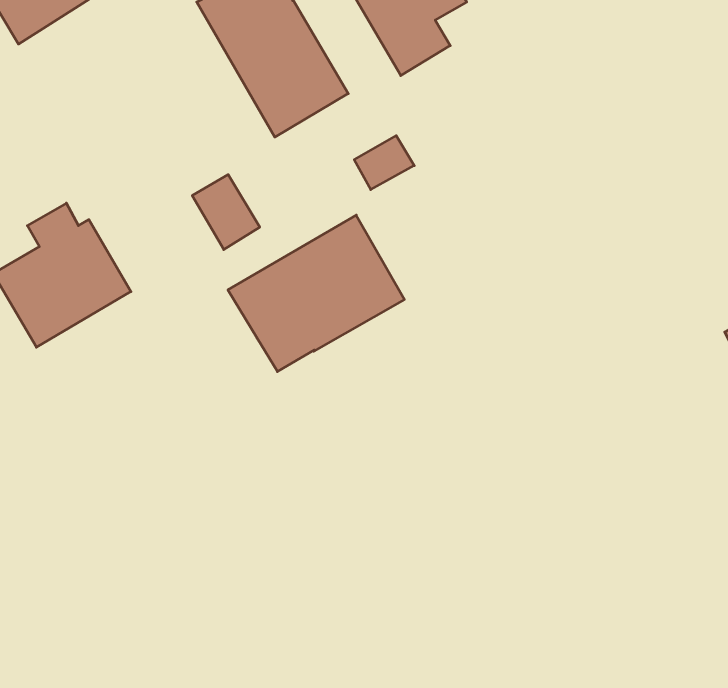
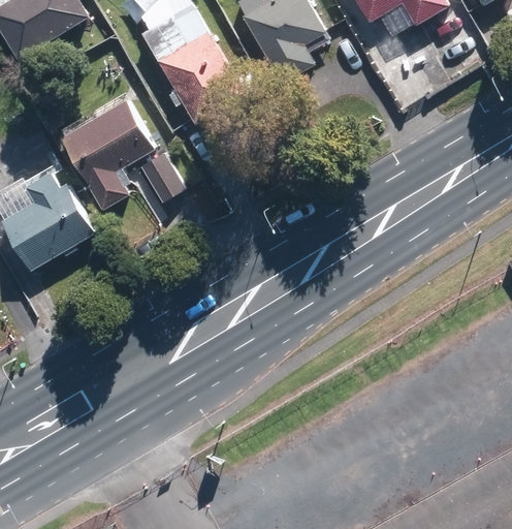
building: none -> [60,97,154,207]
building: [228,215,404,372] -> none

